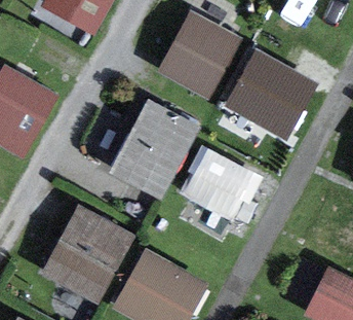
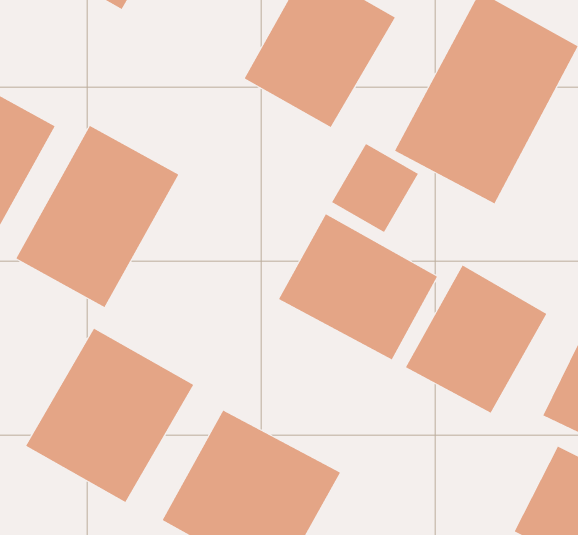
building: [109,101,197,200] -> [15,125,179,308]
building: none -> [405,264,547,414]

